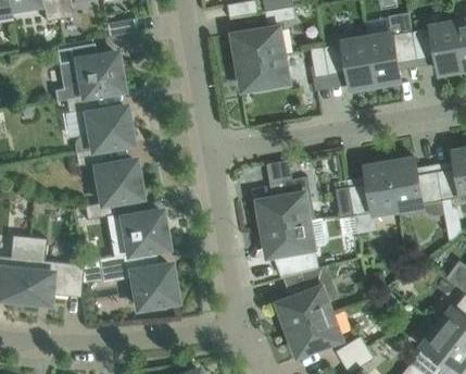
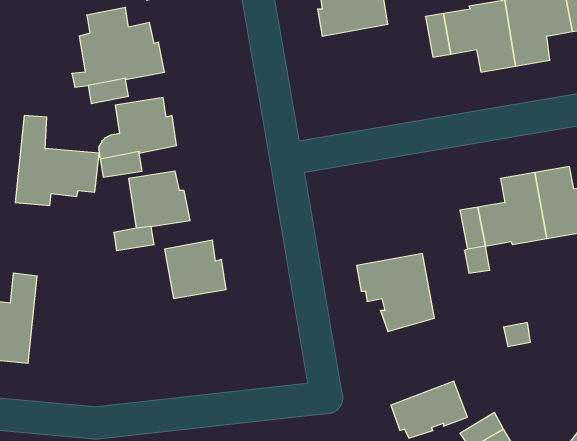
building: [236,54,289,89] -> none
building: [257,176,311,229] -> none
building: [23,237,84,302] -> [15,116,99,206]
building: [99,249,176,308] -> none
building: [279,265,339,331] -> none

